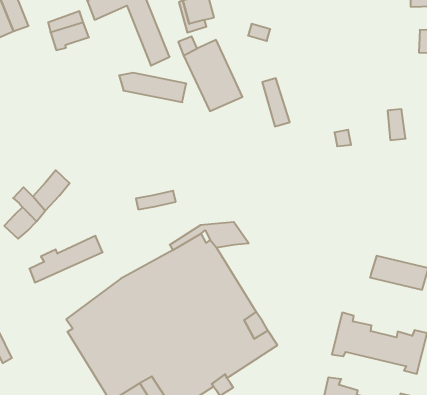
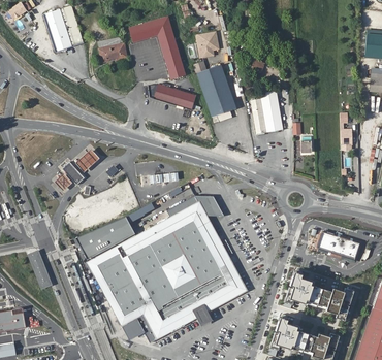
building: none -> [261,89,284,130]
building: none -> [77,216,135,261]

